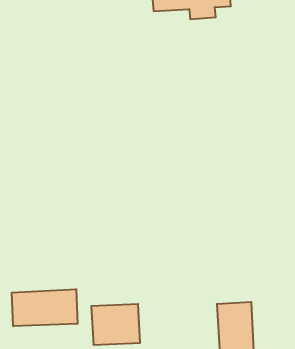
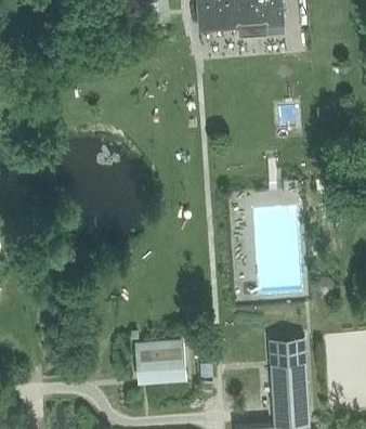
building: [12,289,78,326] -> none

